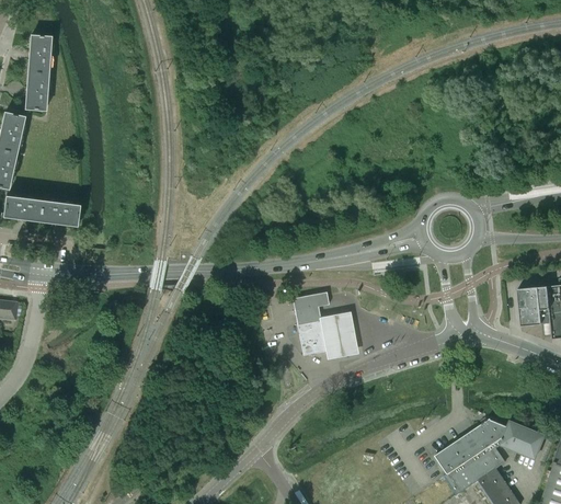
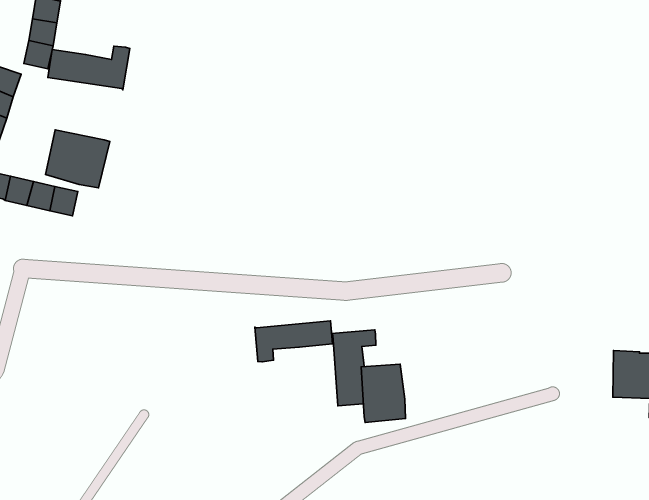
building: none -> [48,46,130,90]
building: none -> [45,130,110,188]
building: none -> [255,321,333,362]

